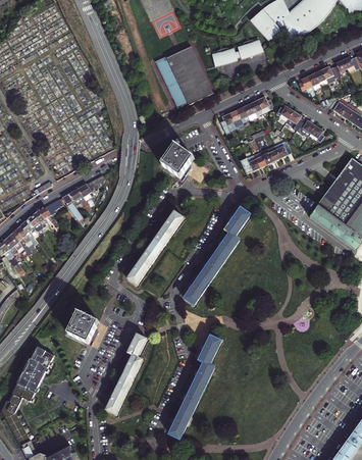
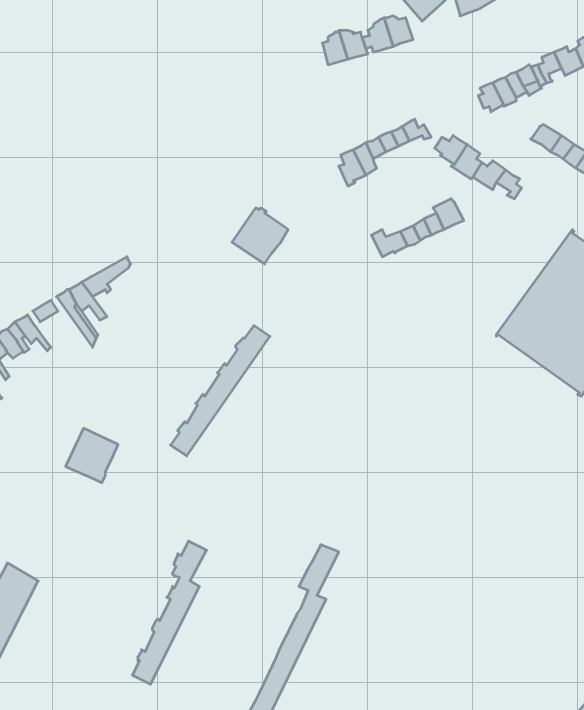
building: [156,45,215,106] -> none
building: [185,207,250,304] -> none
building: [68,311,98,342] -> [66,428,118,483]

